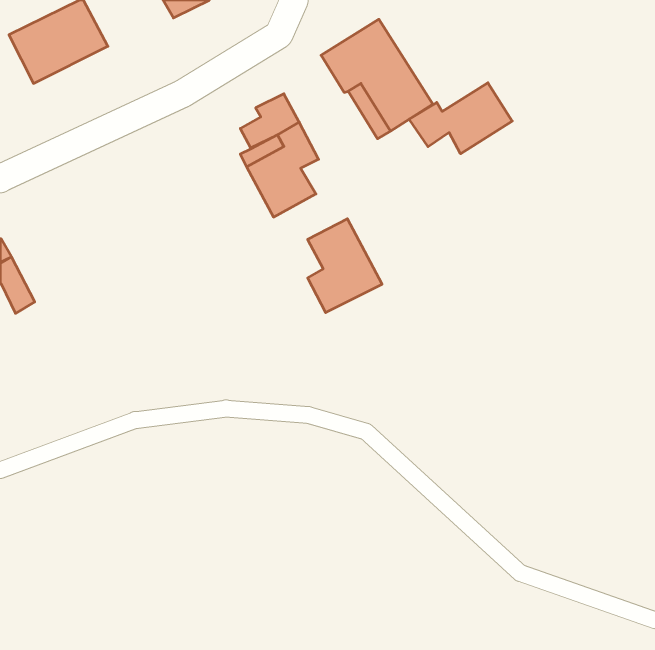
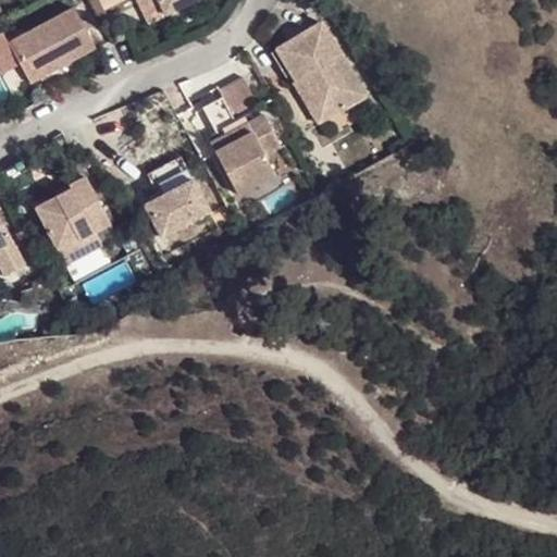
building: [409,83,512,154] -> none
building: none -> [34,182,112,271]
building: [308,219,382,313] -> [147,162,210,242]

